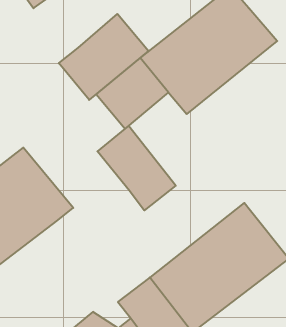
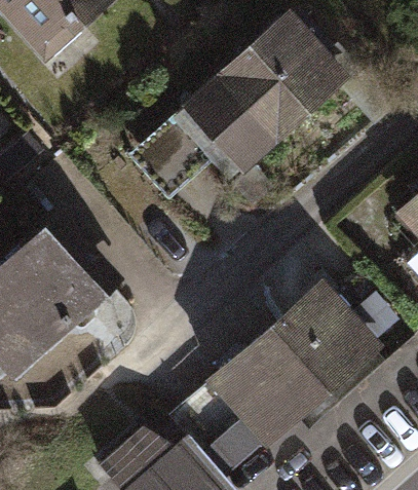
building: [59,14,149,100] -> none
building: [97,126,176,210] -> none

